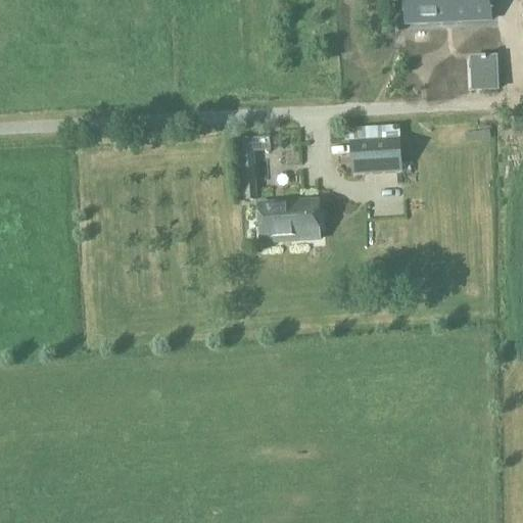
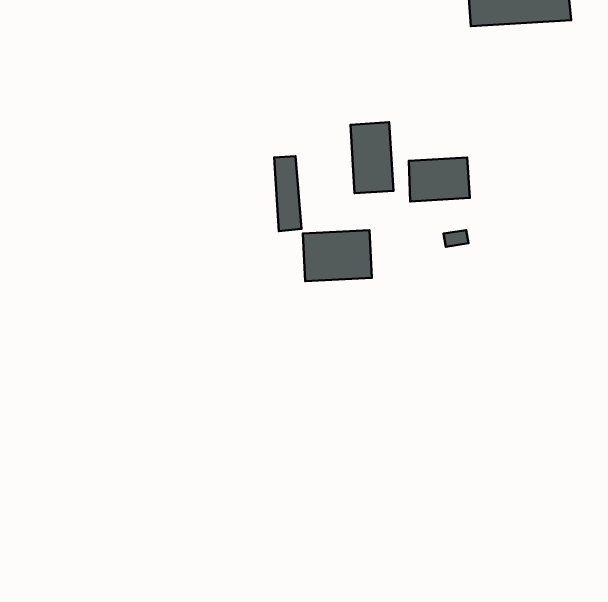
building: [471,52,497,86] -> none
building: none -> [350,122,393,193]

